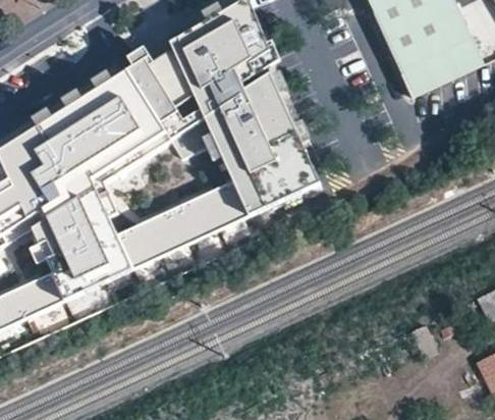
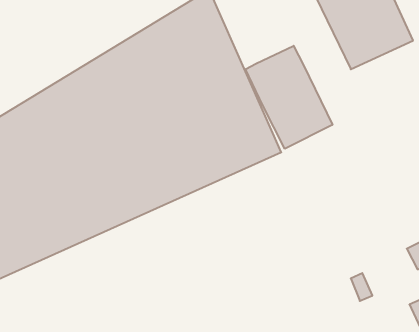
building: none -> [246,46,332,149]

